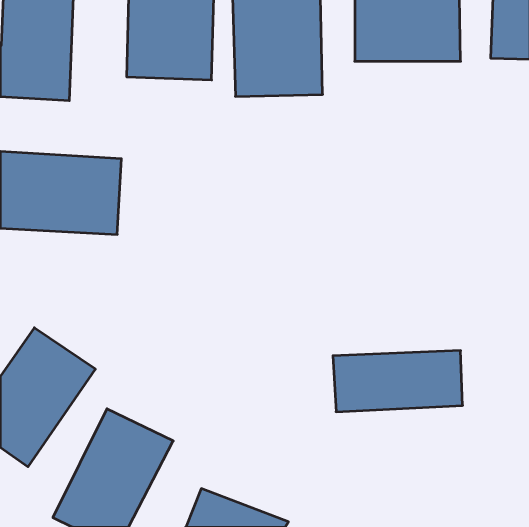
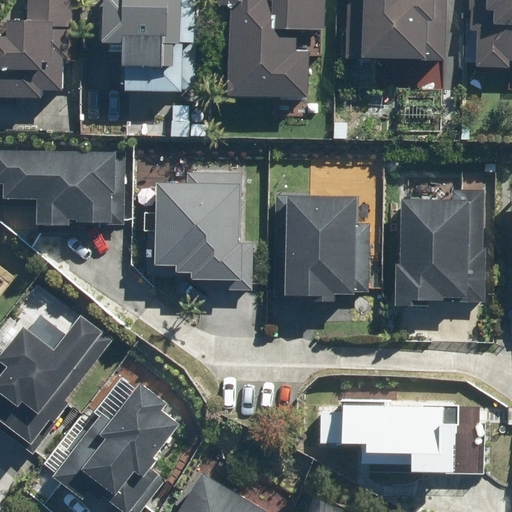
building: none -> [157,183,252,271]
building: none -> [272,196,371,297]
building: none -> [397,196,486,295]
building: [333,351,463,412] -> [336,409,461,468]

